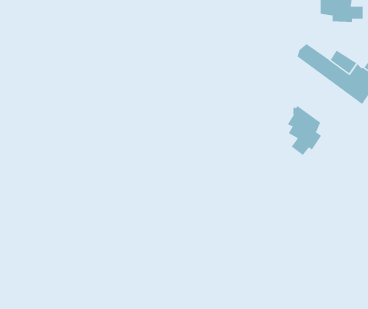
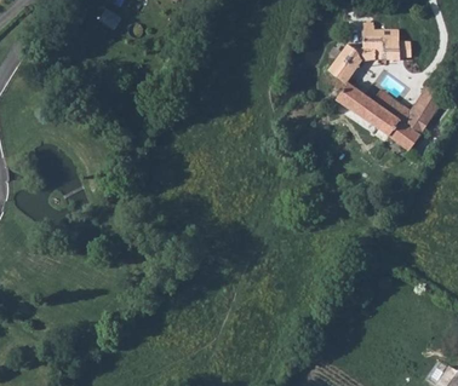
building: none -> [328,45,360,88]
building: [287,105,322,156] -> none

